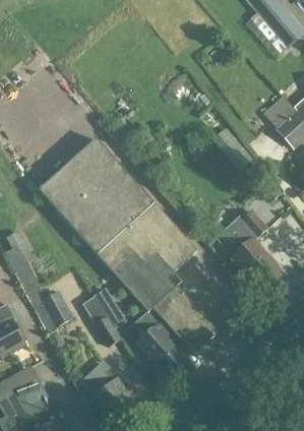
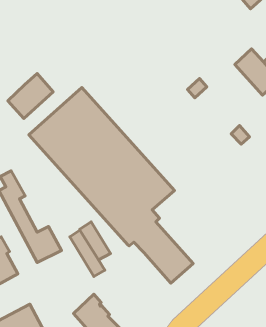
building: none -> [8,74,53,118]
building: [217,210,283,289] -> none
building: [125,307,187,376] -> none

